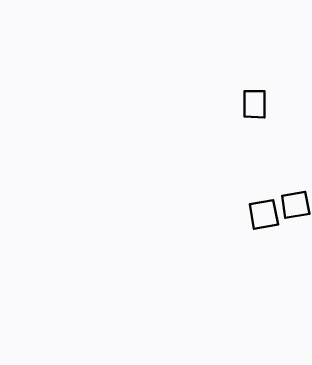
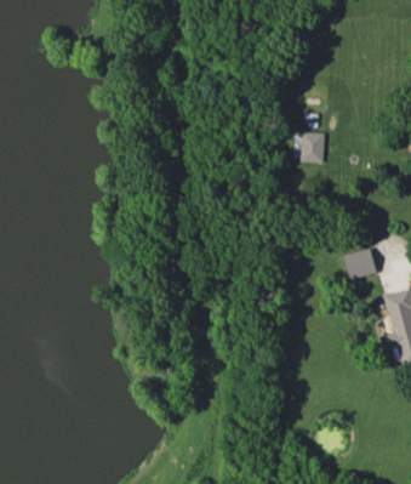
building: [250,200,278,229] -> none

